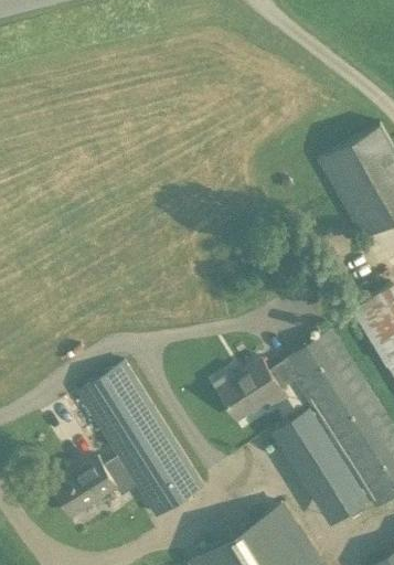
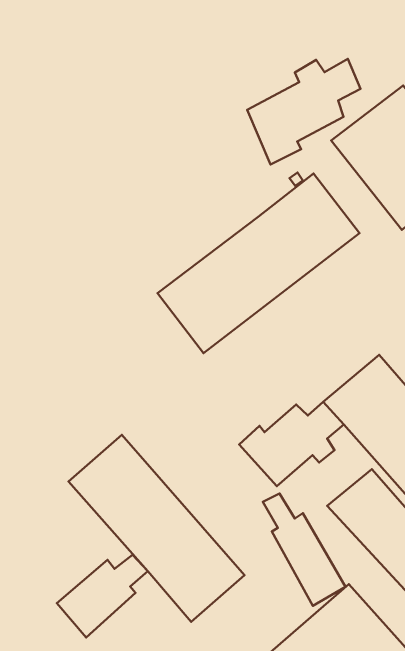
building: none -> [247,59,361,165]
building: none -> [158,173,360,353]
building: none -> [263,494,346,606]

